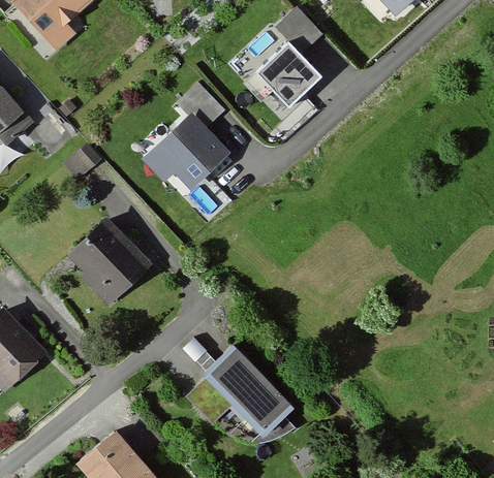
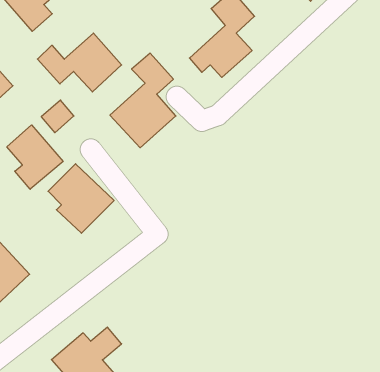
building: none -> [37,33,122,92]
building: none -> [7,125,63,189]
building: [183,348,291,440] -> none

